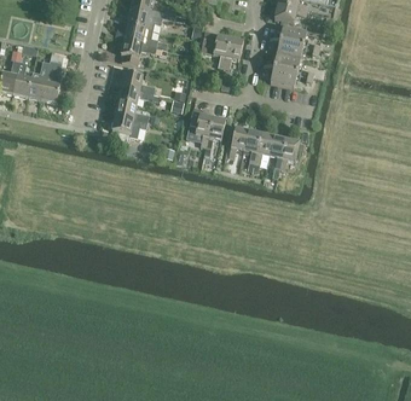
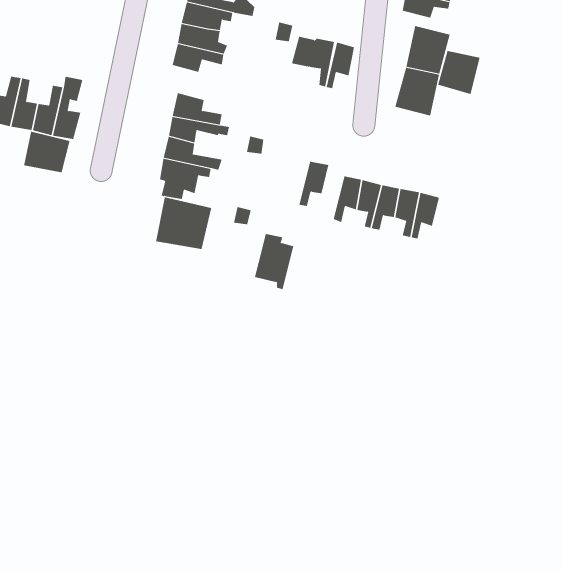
building: none -> [437,50,480,95]
building: none -> [23,131,70,173]
building: [186,109,213,146] -> [254,234,294,290]
building: none -> [156,196,212,250]

